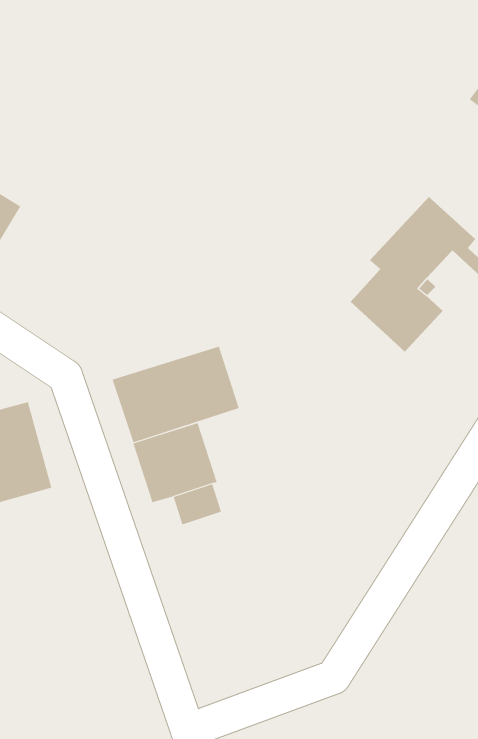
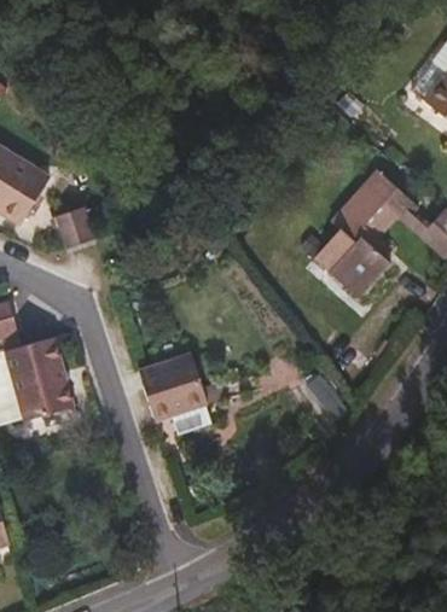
building: none -> [53,206,95,247]
building: [112,346,240,443] -> none

